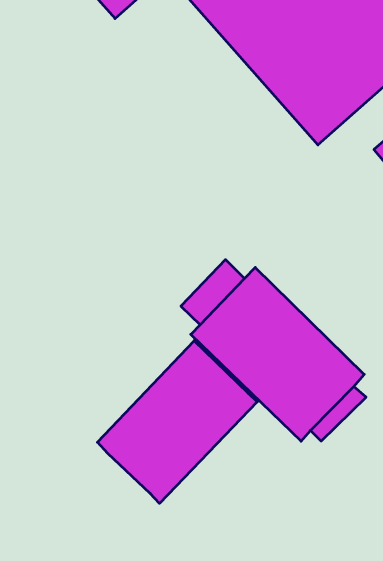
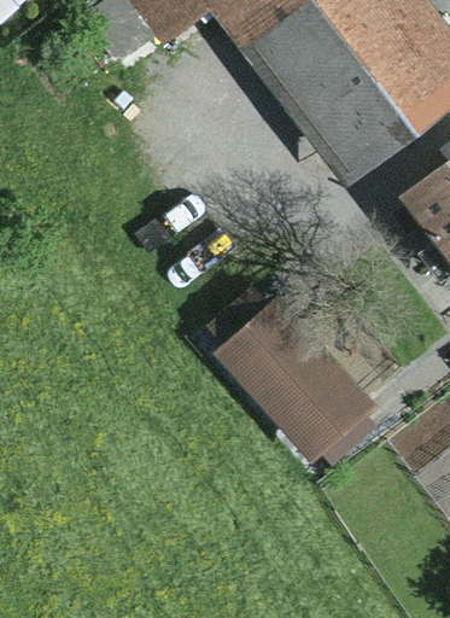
building: [97,341,257,503] -> none

